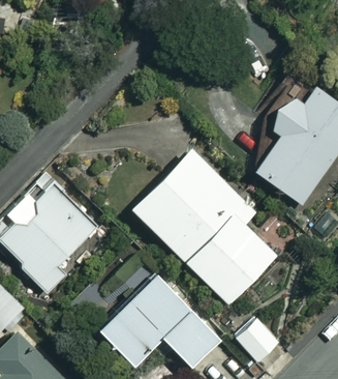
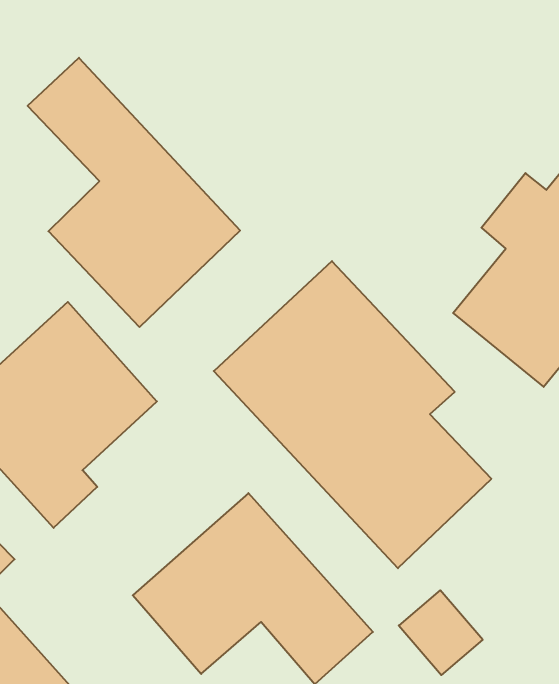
building: none -> [28,58,240,327]

